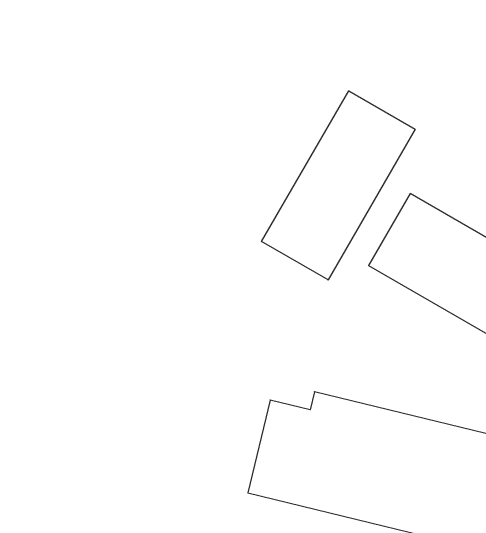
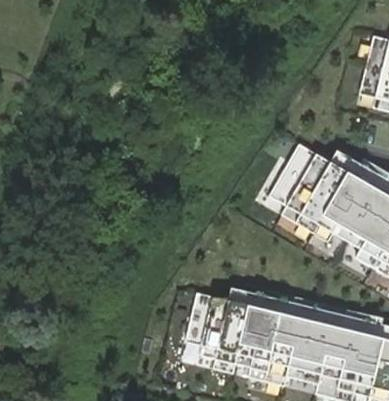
building: [262,91,415,280] -> none

